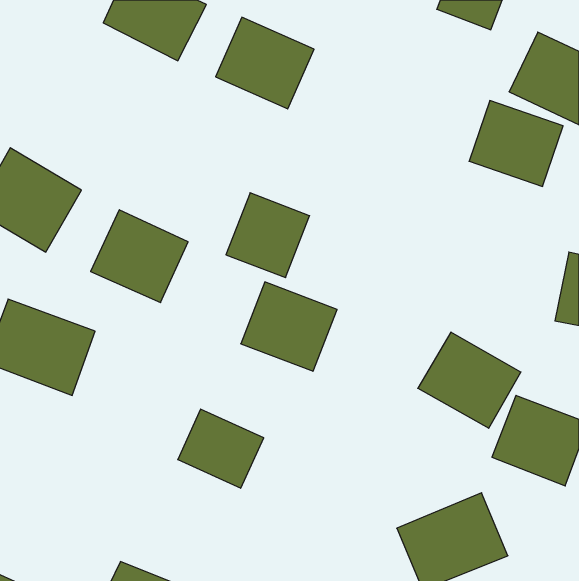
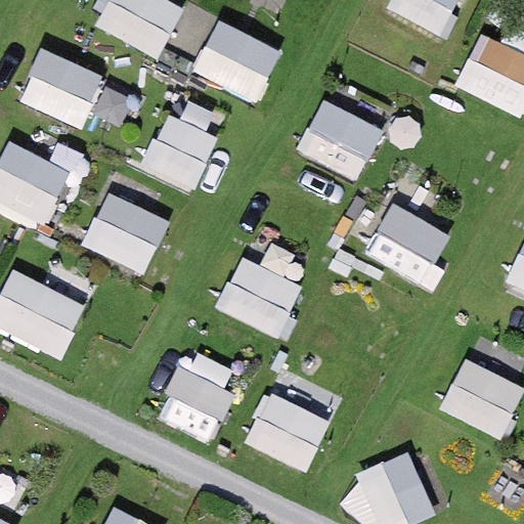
building: none -> [18,49,104,129]
building: [469,101,563,186] -> [298,99,382,176]
building: [226,193,310,278] -> [142,112,217,187]
building: [418,332,521,428] -> [362,202,454,288]
building: none -> [244,391,330,472]

